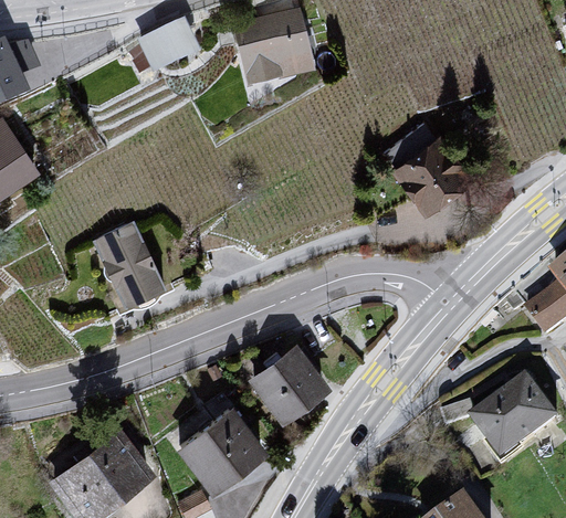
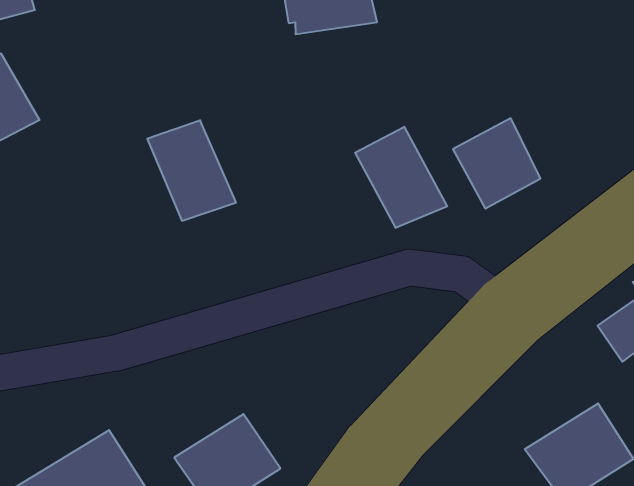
building: none -> [355,127,447,228]
building: [91,222,169,307] -> [147,120,236,221]
building: [245,345,328,425] -> none

